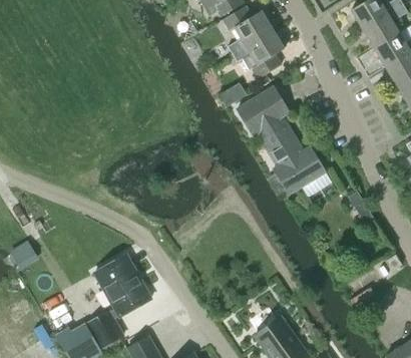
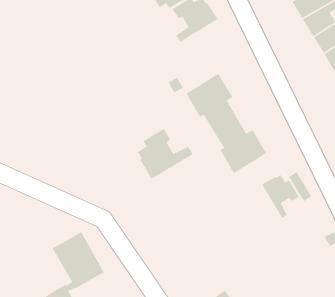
building: [232,28,285,77] -> none
building: none -> [137,128,193,180]
building: none -> [261,174,300,219]

